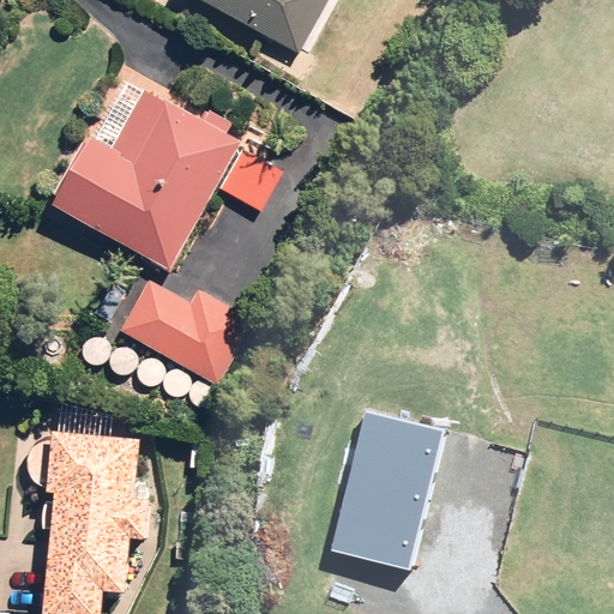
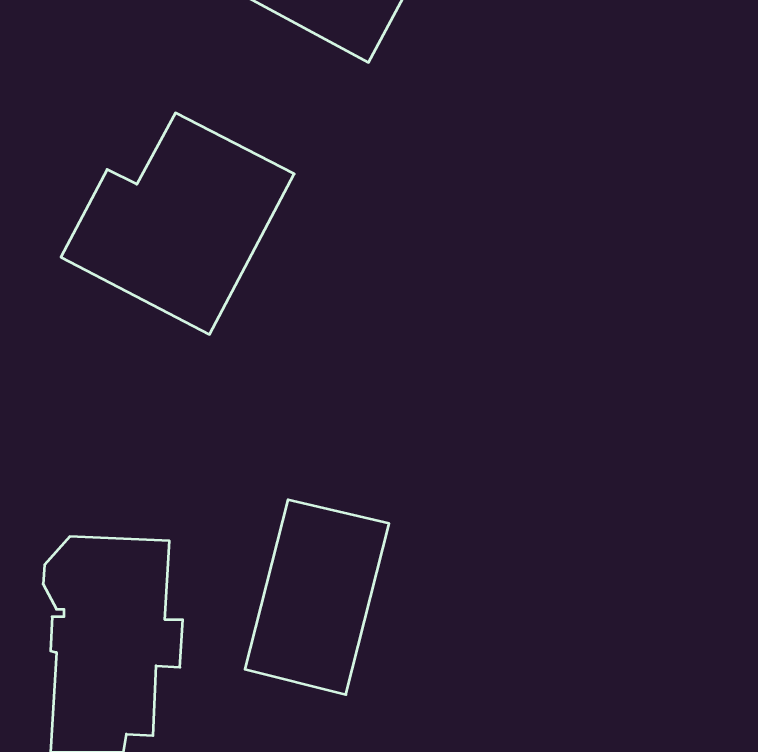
building: [118,278,251,409] -> none
building: [337,403,453,560] -> [245,500,389,695]

